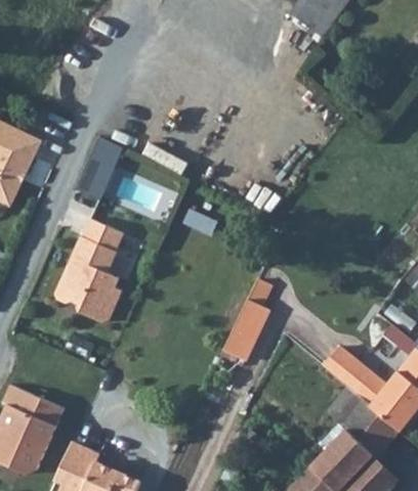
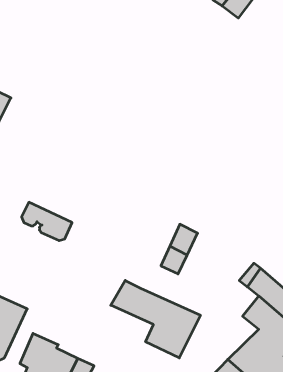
building: [79,136,127,200] -> none
building: [59,215,119,296] -> none
building: none -> [111,280,200,358]

